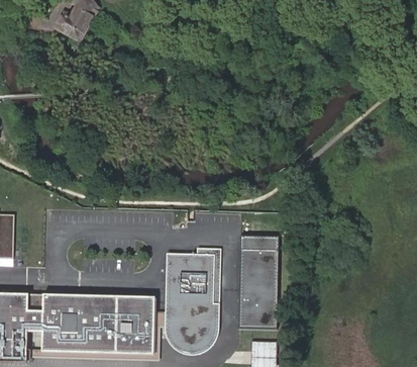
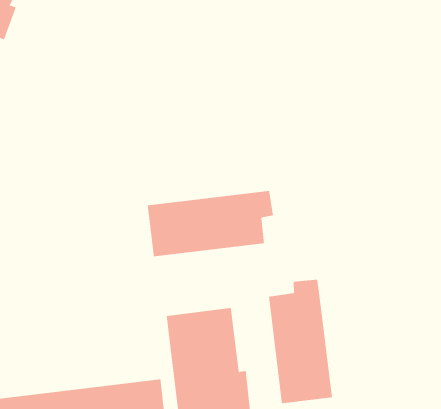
building: none -> [147,190,273,257]

